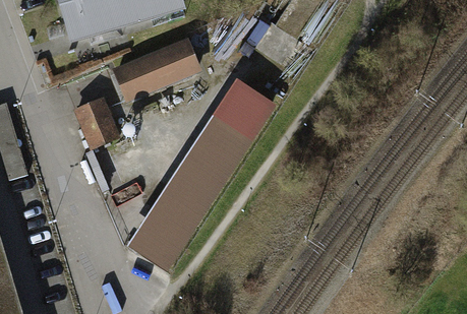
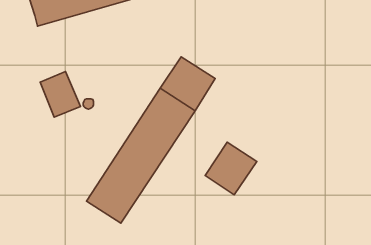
building: [112,37,201,102] -> none
building: none -> [205,142,257,195]

